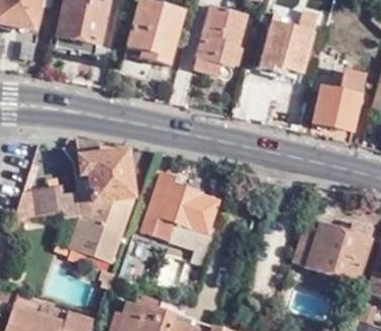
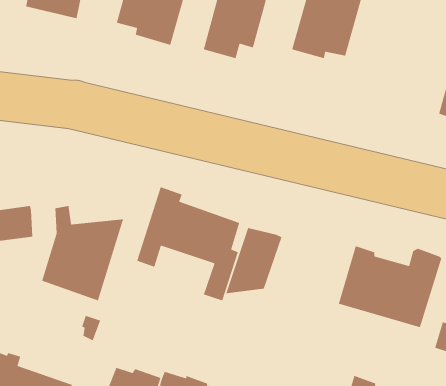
building: [313,70,365,133] -> none
building: [73,136,132,199] -> none
building: none -> [225,227,282,294]

